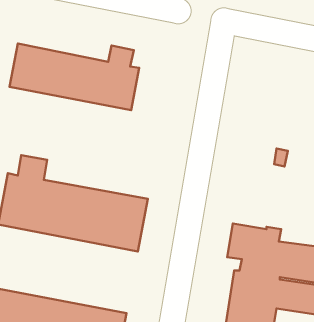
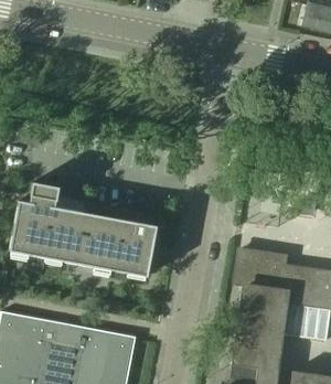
building: [10,44,139,110] -> none

